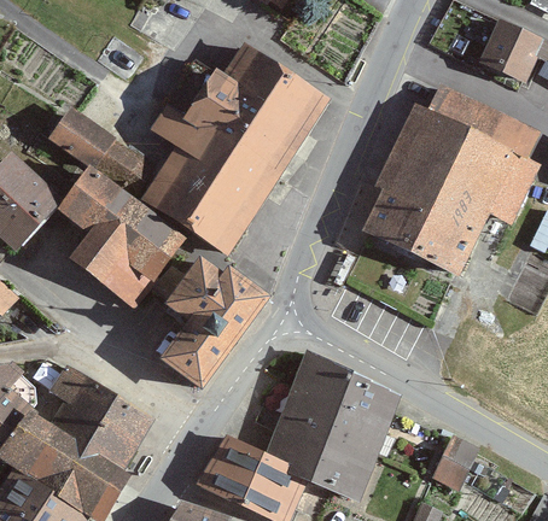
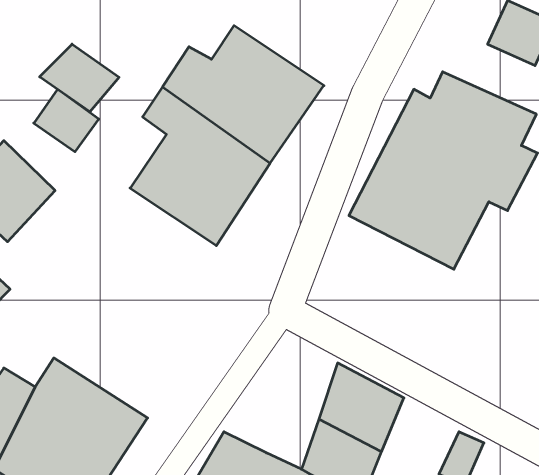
building: none -> [40,44,119,112]
building: [60,169,187,305] -> none
building: [157,257,273,390] -> none
building: [268,352,337,470] -> none

